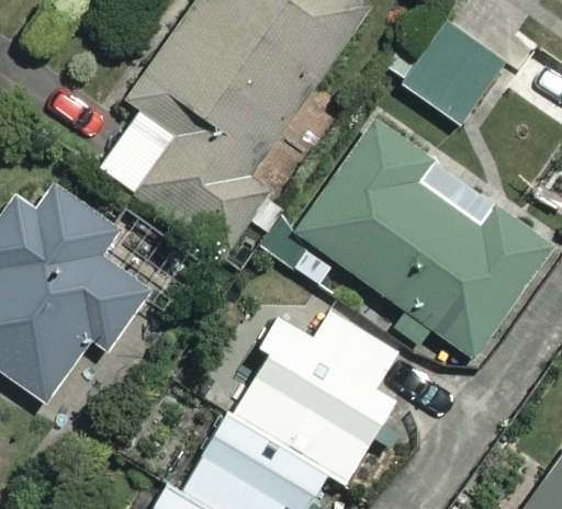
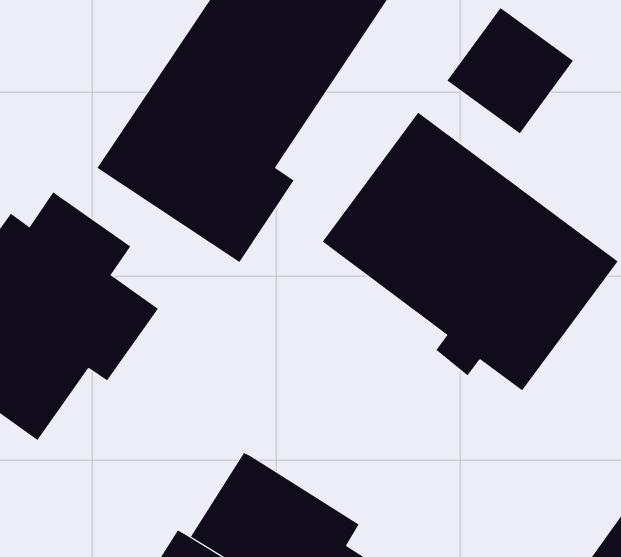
building: [231,308,430,489] -> none

